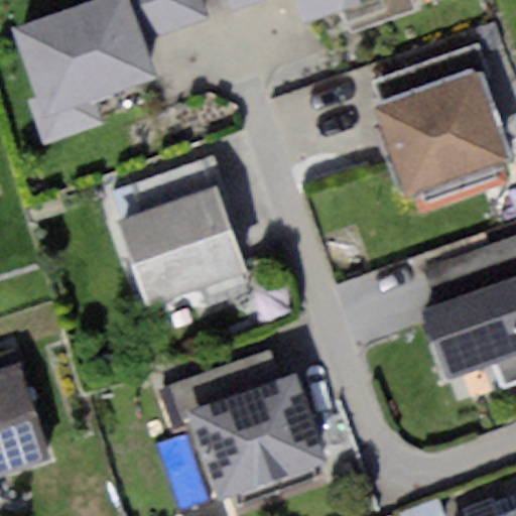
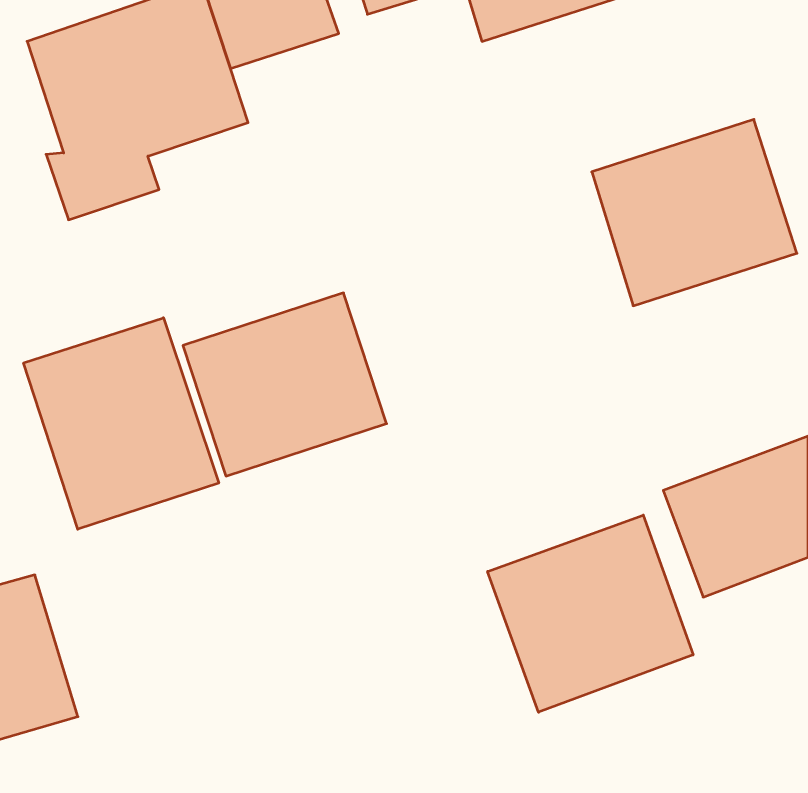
building: none -> [24,318,219,529]
building: none -> [488,515,693,712]
building: [190,374,327,497] -> none

